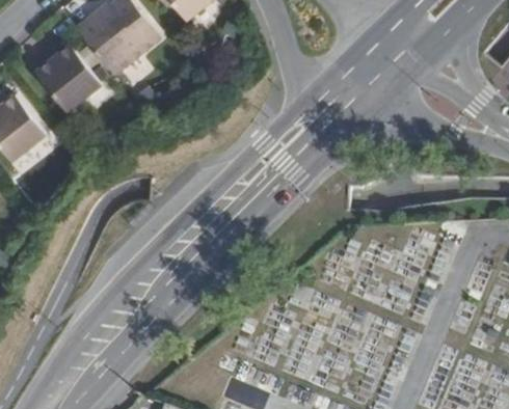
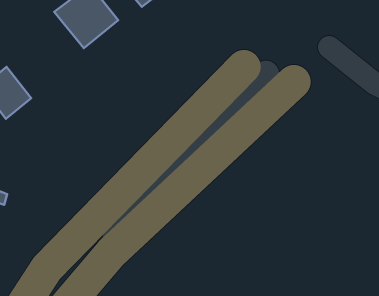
building: [33,46,100,111] -> none

